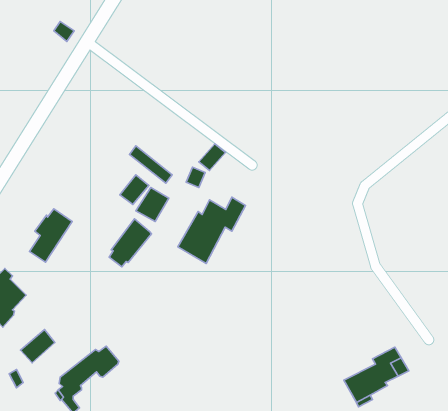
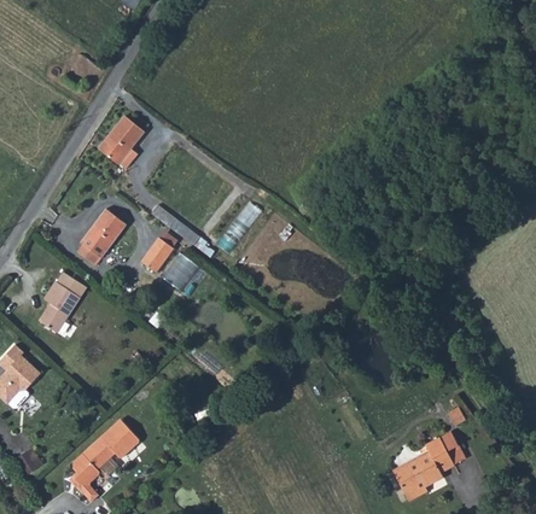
building: none -> [100,112,141,158]
building: [178,197,245,264] -> none
building: [109,219,152,267] -> [78,205,127,259]
building: [20,330,55,363] -> none

